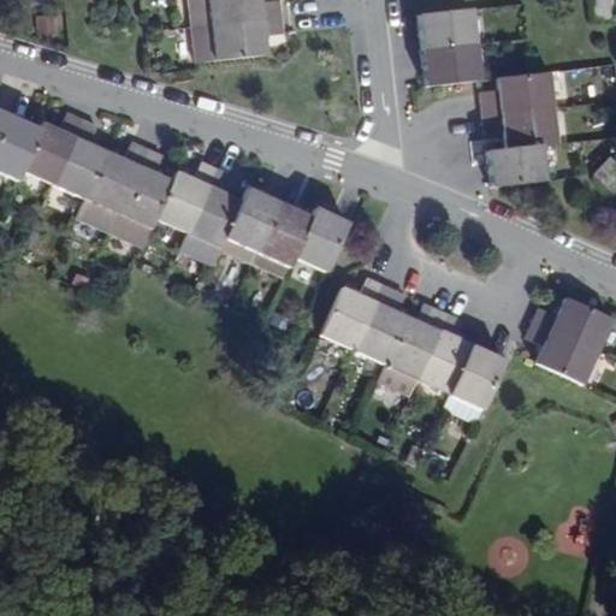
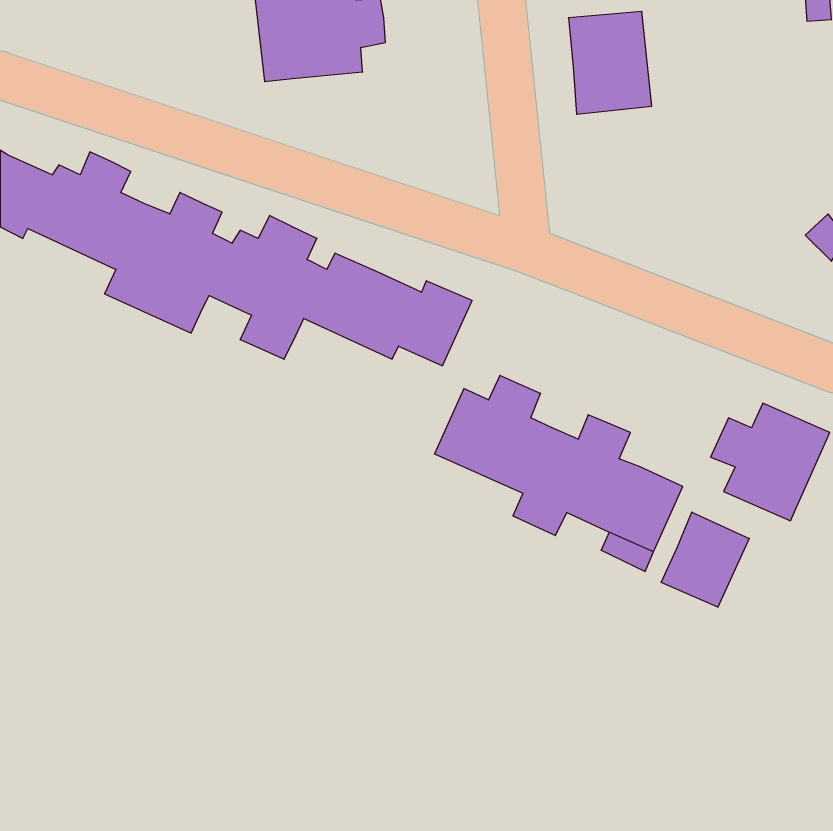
building: [482,71,558,185] -> none
building: none -> [661,512,749,607]

